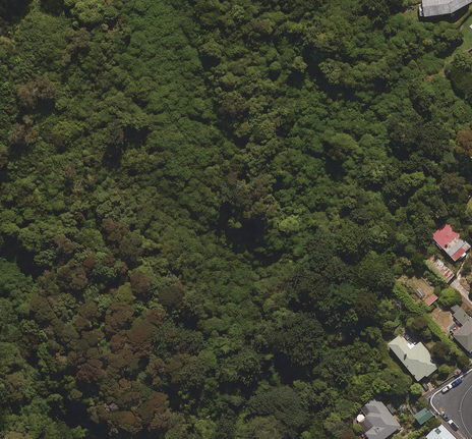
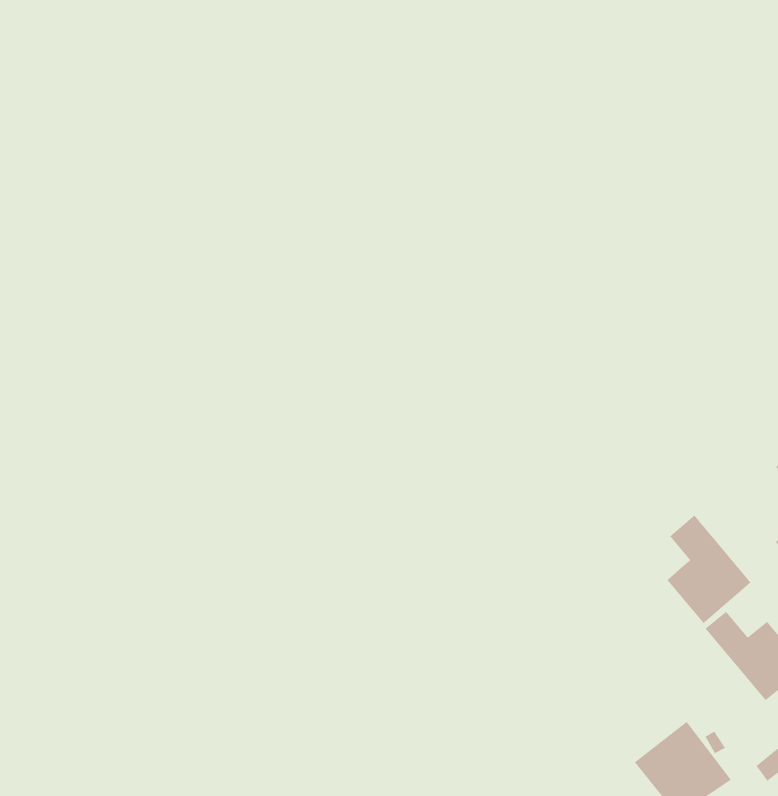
building: none -> [666,514,752,624]

